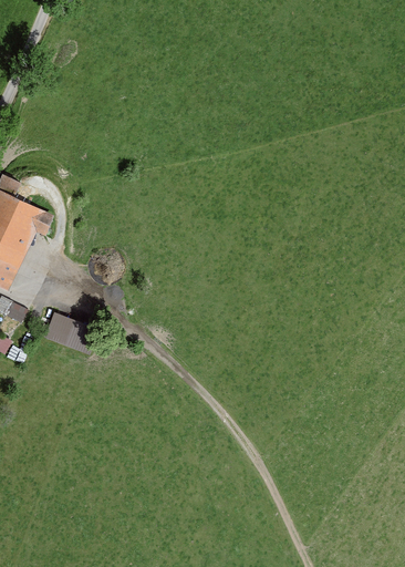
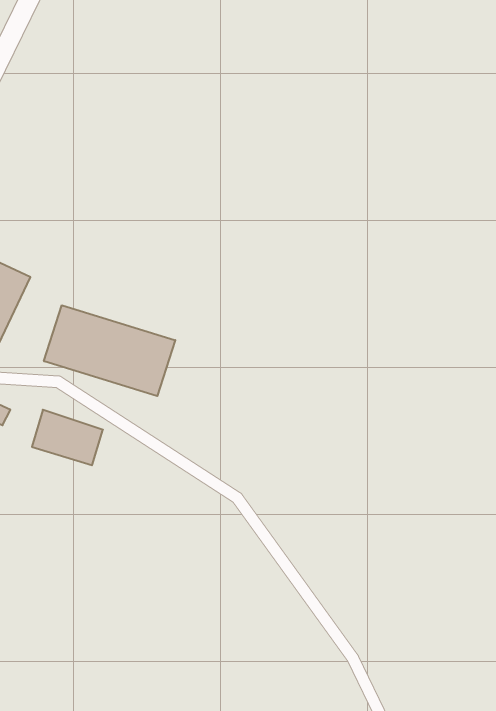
building: none -> [44,305,175,396]

